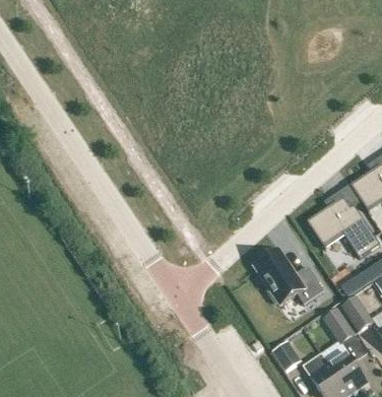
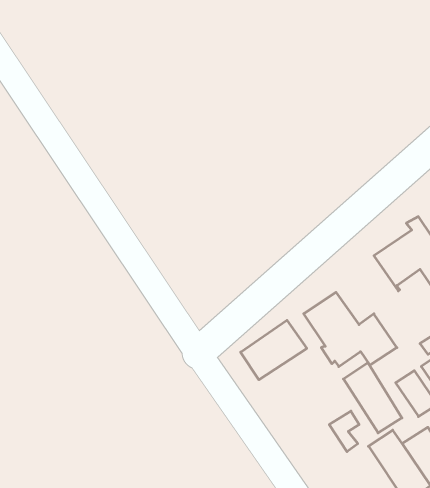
building: none -> [241,320,307,380]
building: none -> [343,363,402,433]

